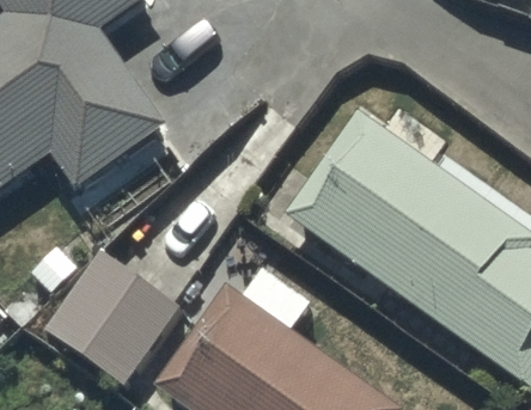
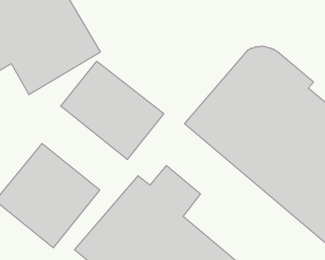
building: none -> [61,61,164,160]

